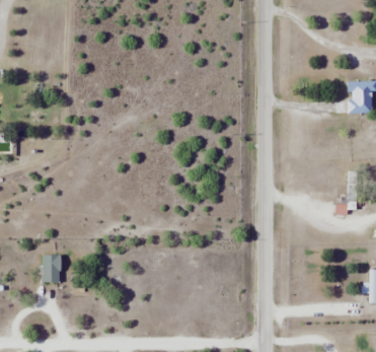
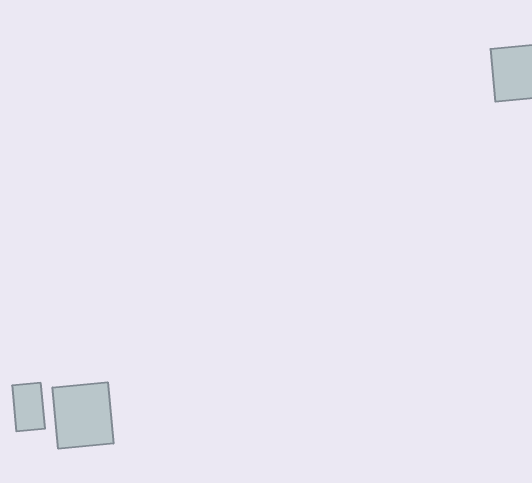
building: none -> [53,382,113,449]

